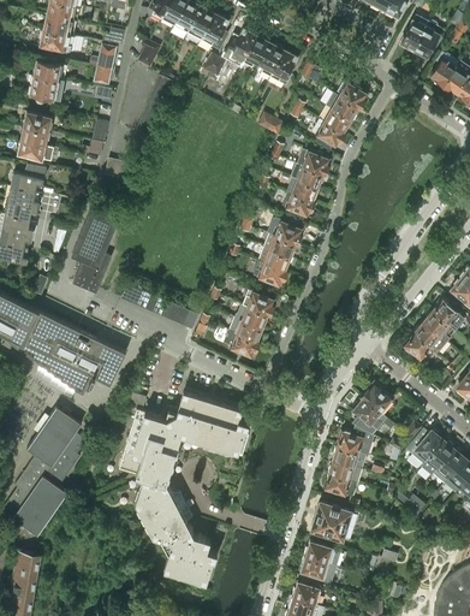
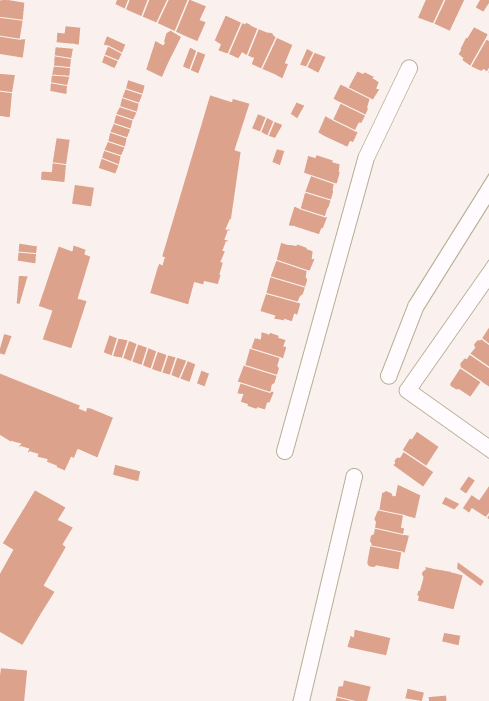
building: none -> [146,29,182,78]
building: none -> [149,95,250,305]
building: [118,392,249,584] -> none
building: [311,503,351,540] -> [417,567,463,610]
building: [301,557,335,585] -> none

